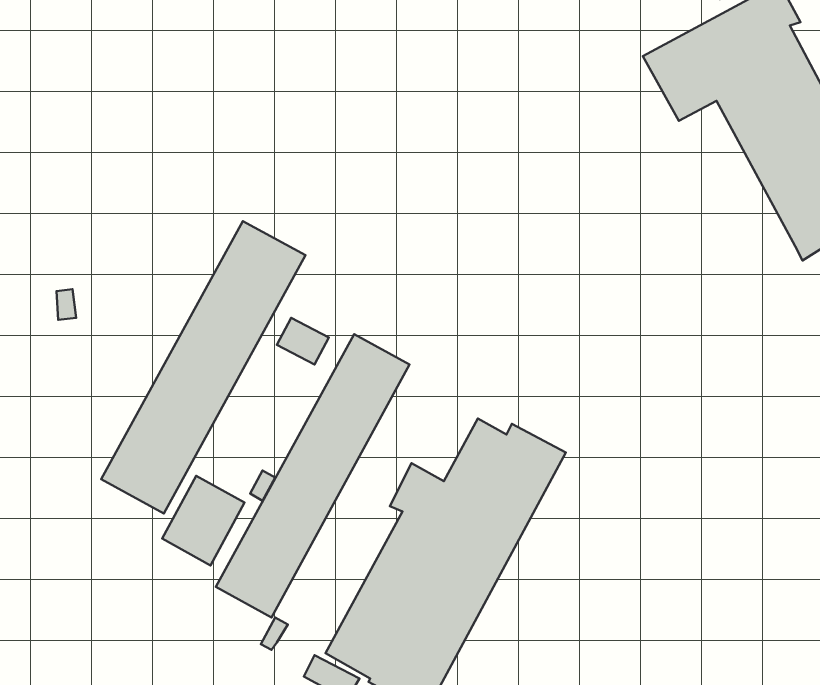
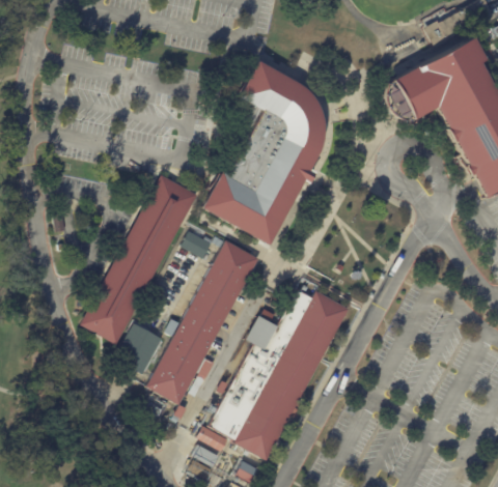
building: none -> [200,61,324,246]

